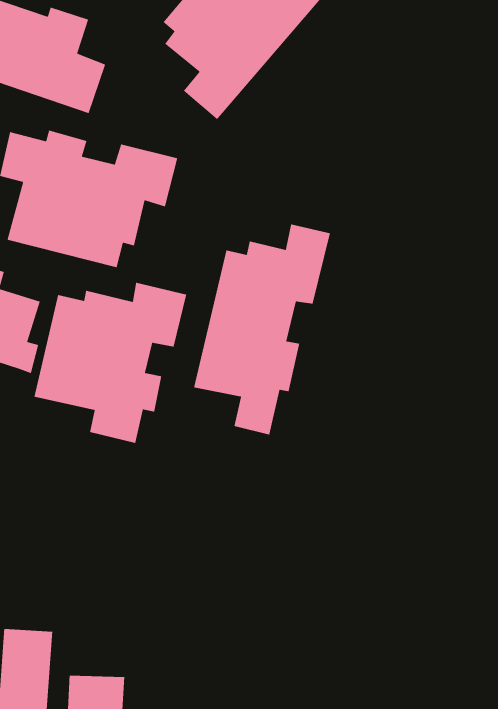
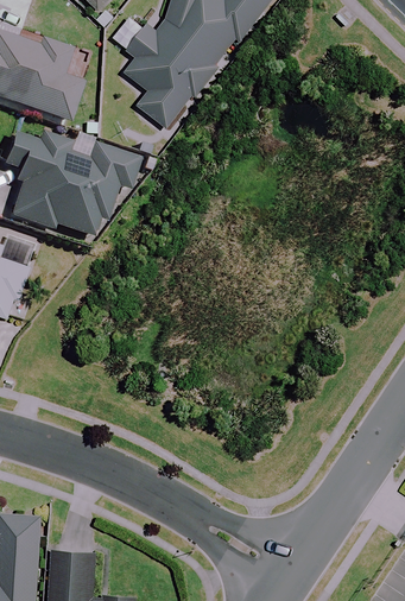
building: [193,223,331,436] -> none
building: [34,282,187,444] -> none

